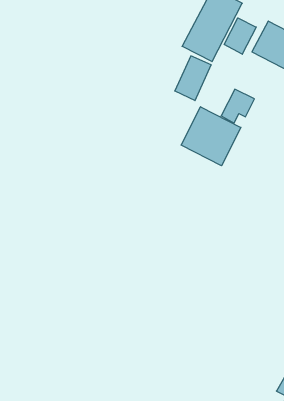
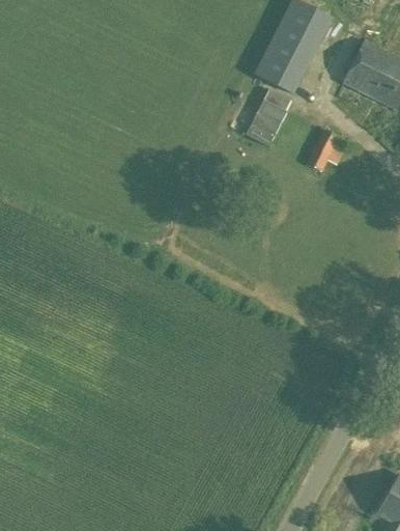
building: [224,18,256,54] -> none
building: [181,107,241,166] -> none

